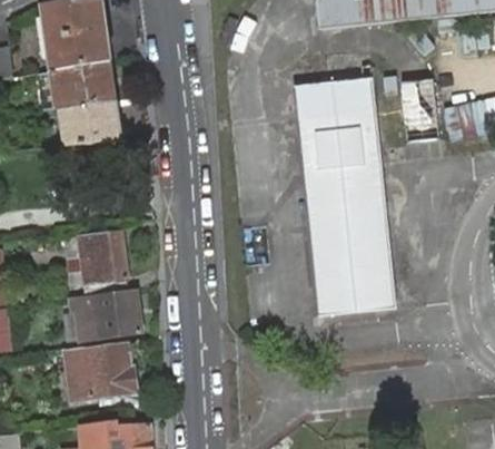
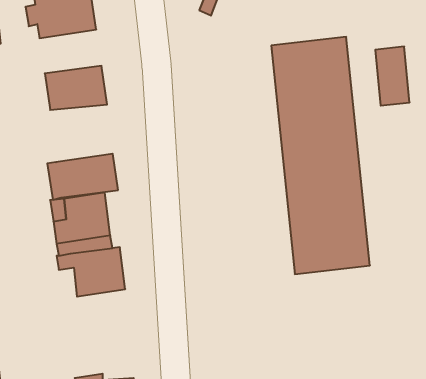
building: [44,62,118,110] -> [47,154,118,200]
building: [67,344,137,400] -> none

